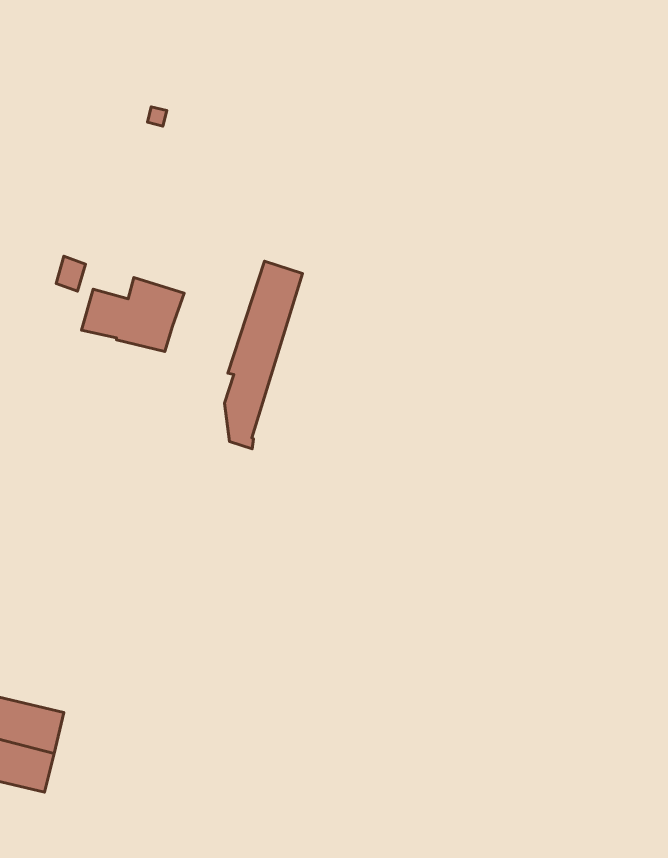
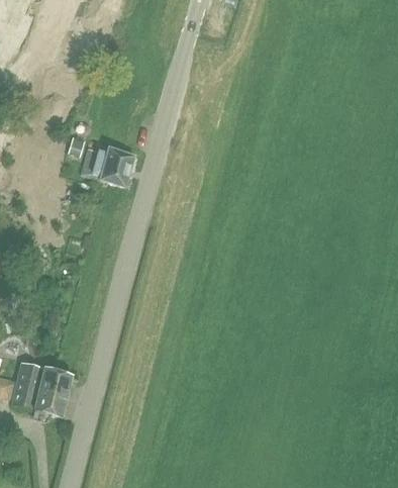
building: [224,261,302,449] -> none

